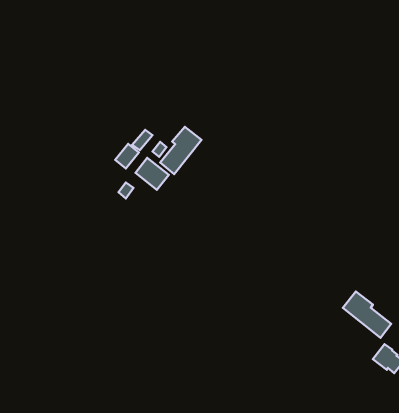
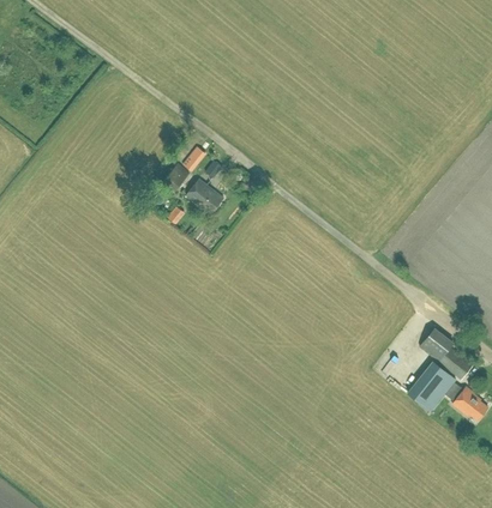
building: [160,127,201,174] -> none
building: none -> [408,361,454,410]

